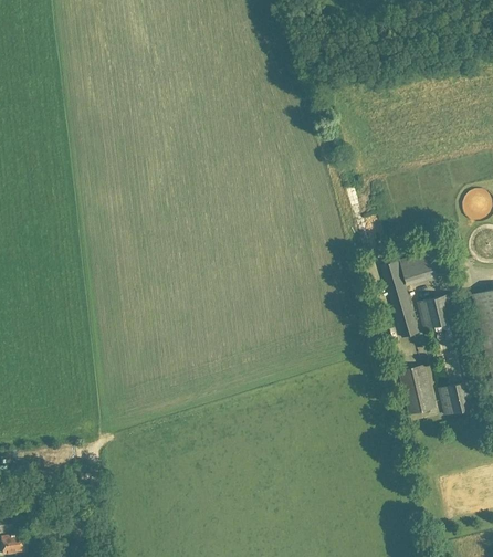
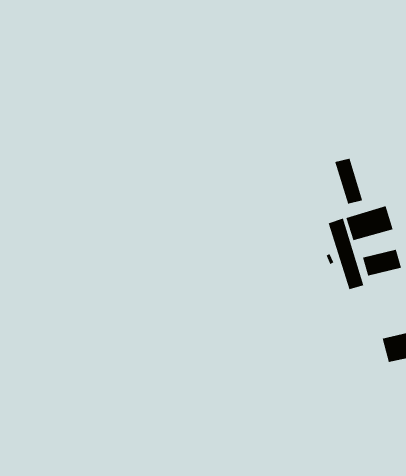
building: none -> [335,158,363,205]
building: [399,366,436,414] -> none

